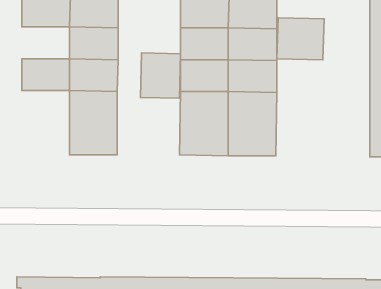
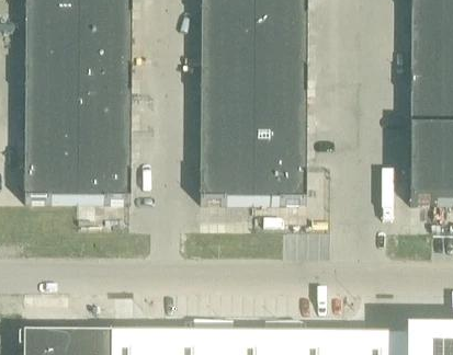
building: [277,18,324,60] -> none
building: none -> [25,50,78,85]
building: [141,53,181,98] -> none
building: none -> [24,121,78,192]

